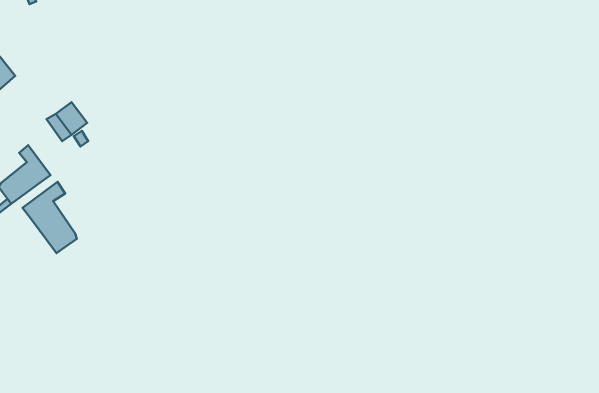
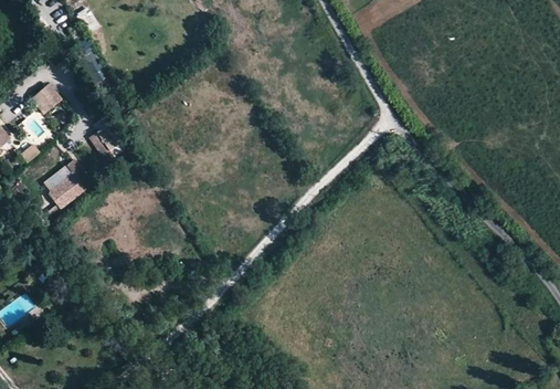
building: [22,182,77,253] -> none

